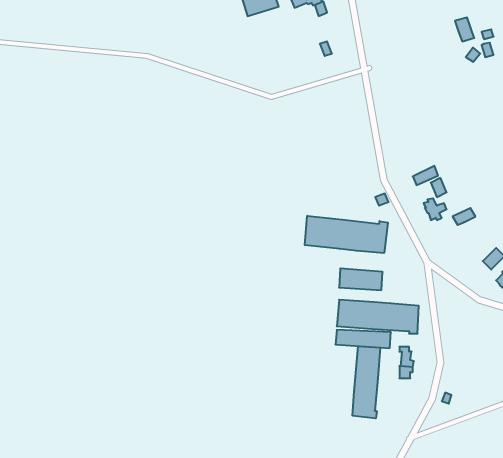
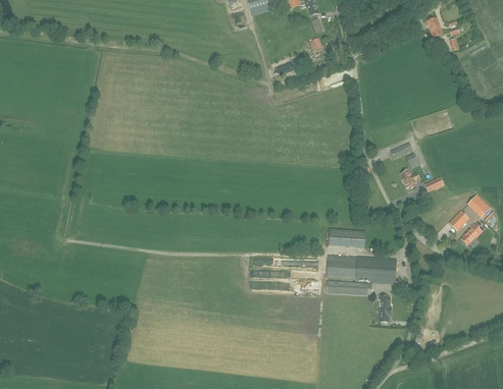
building: [305,216,388,253] -> none
building: [353,346,380,418] -> none

